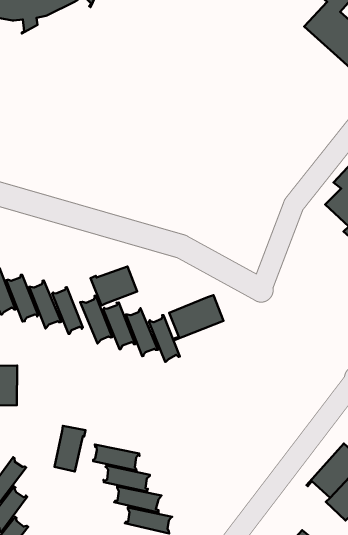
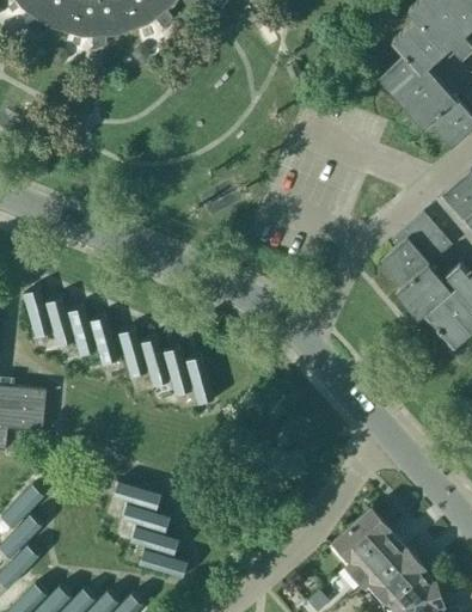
building: [90,267,137,306] -> none
building: [169,295,224,340] -> none
building: [54,426,85,471] -> none

